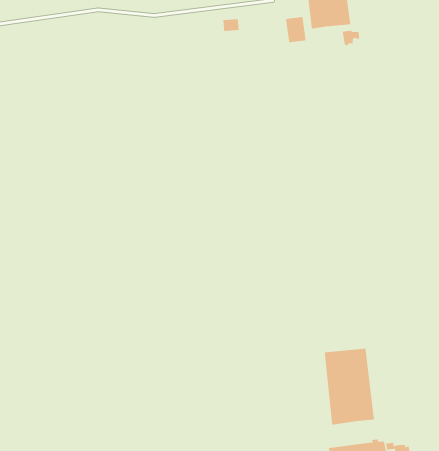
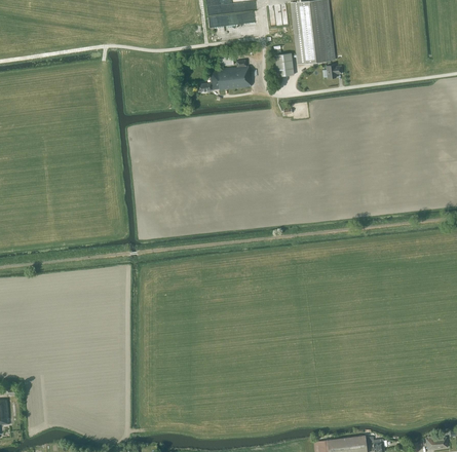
building: none -> [199,60,253,92]
building: [324,348,375,425] -> none

